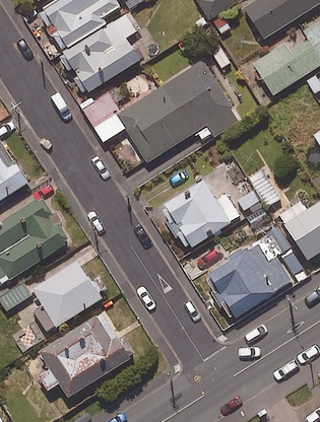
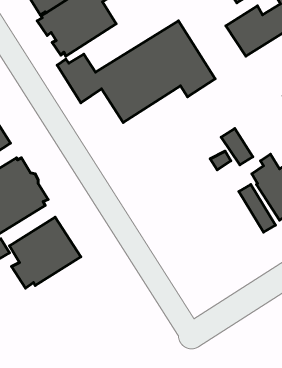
building: [162,179,241,249] -> none
building: [205,238,293,320] -> none
building: [37,312,135,399] -> none

